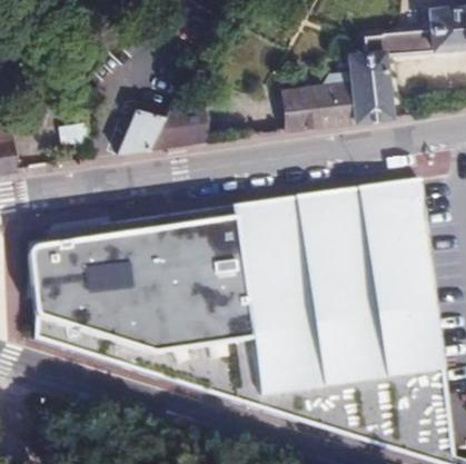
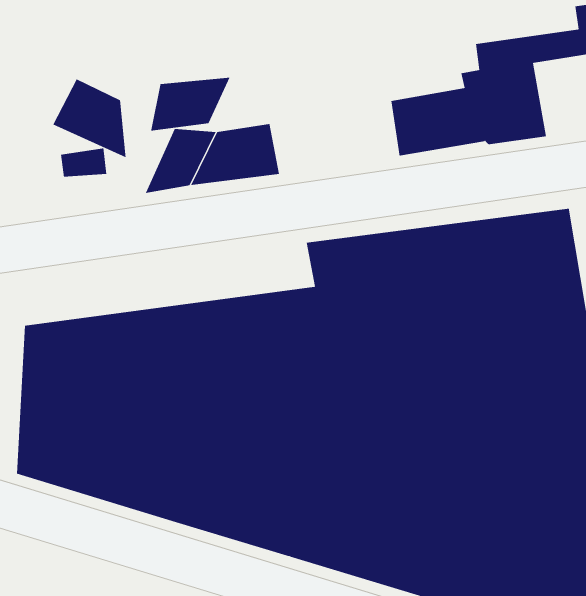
building: none -> [150,77,230,131]
building: none -> [52,79,126,158]

